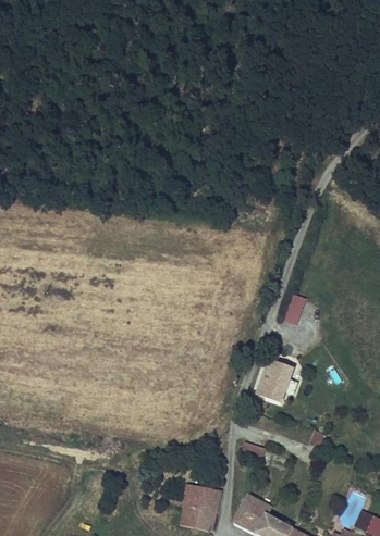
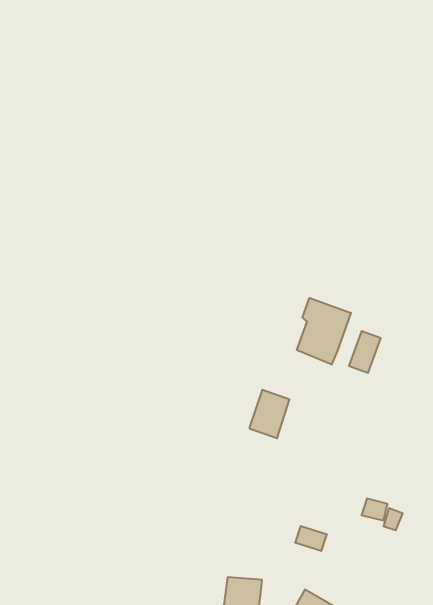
building: none -> [297,298,351,365]
building: [256,360,287,398] -> [250,390,290,438]

